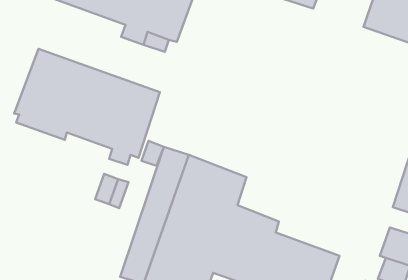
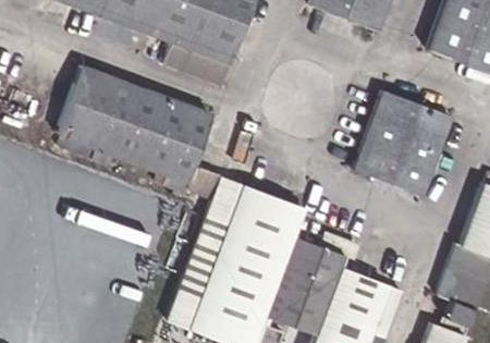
building: none -> [358,89,455,192]

